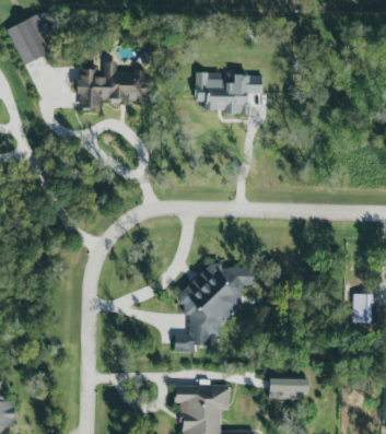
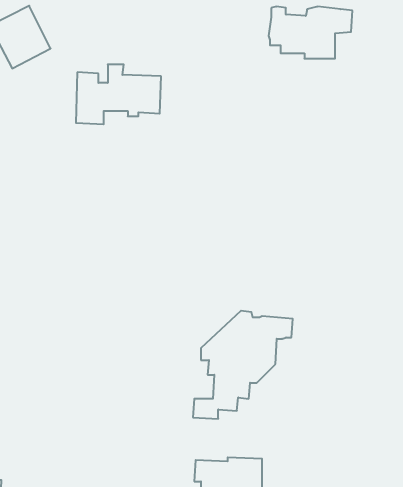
building: [194,71,262,114] -> [269,7,352,59]
building: [269,379,307,400] -> none

